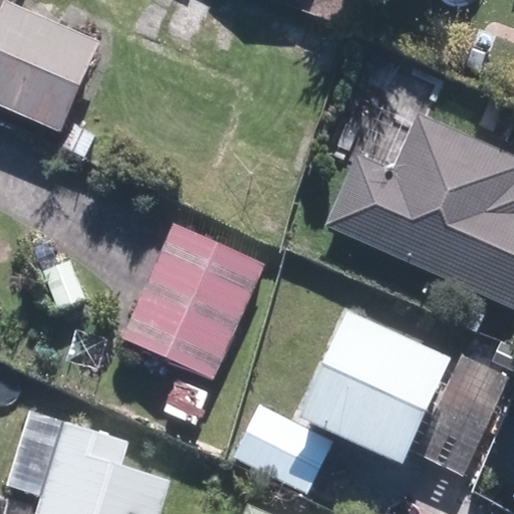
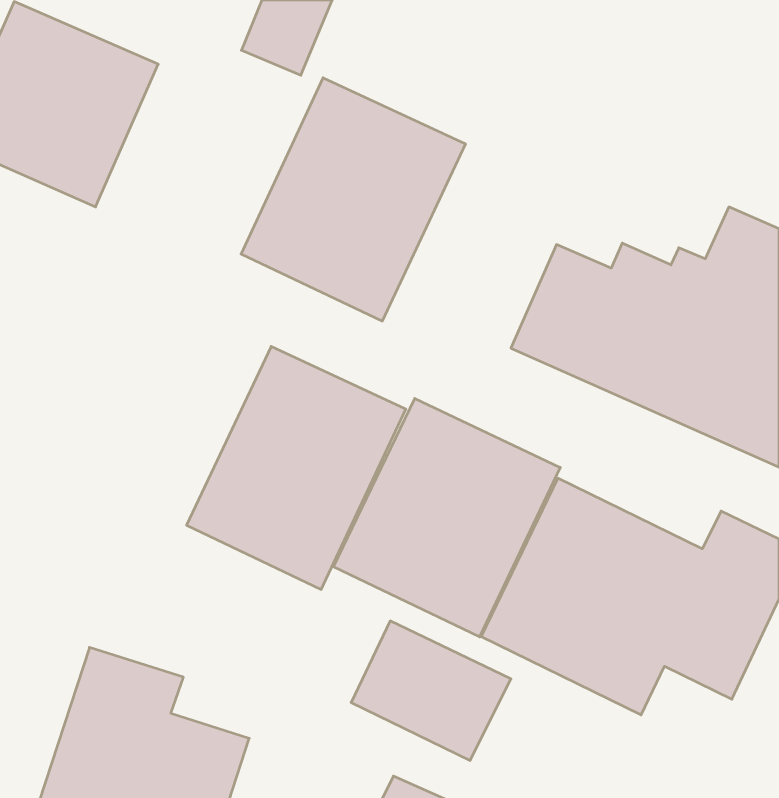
building: none -> [241,78,465,321]
building: none -> [333,398,560,637]

